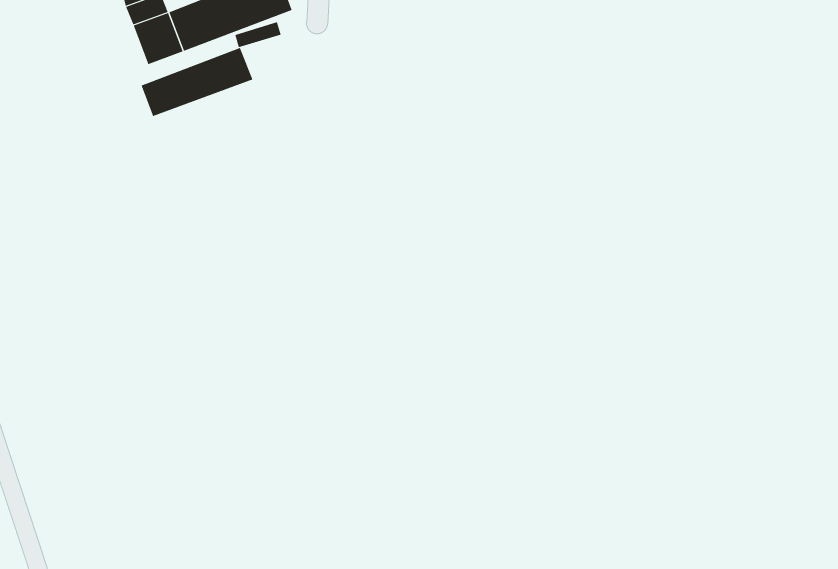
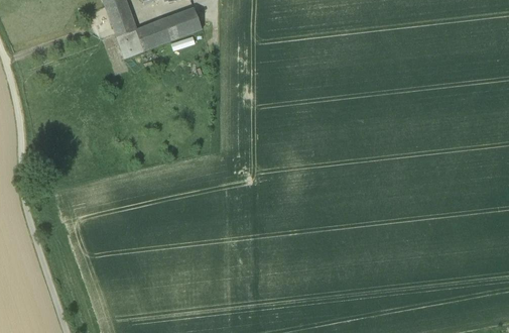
building: [141,47,253,117] -> none

